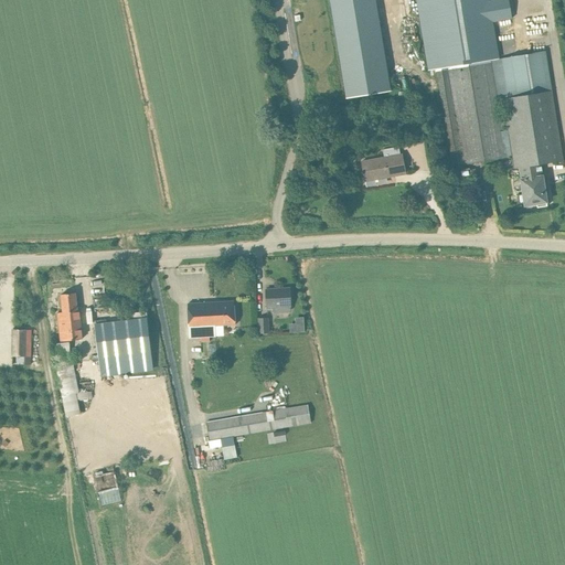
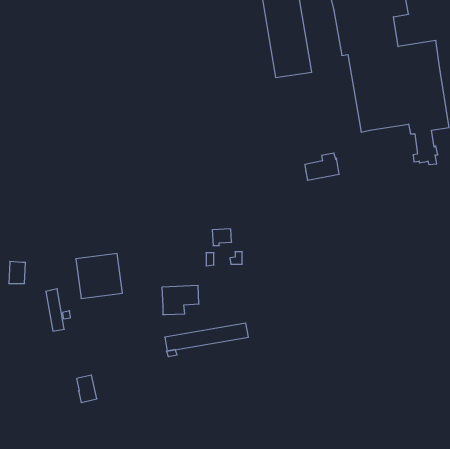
building: [362,146,405,180] -> [305,153,339,180]
building: [57,292,82,341] -> none
building: [188,300,234,337] -> [162,285,199,315]

